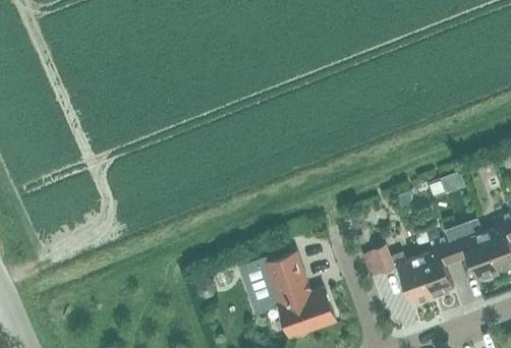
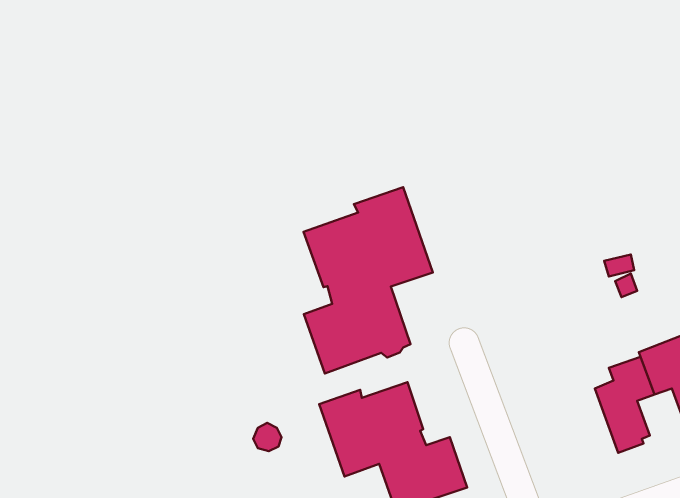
building: none -> [303,187,433,373]
building: [374,244,434,303] -> none

